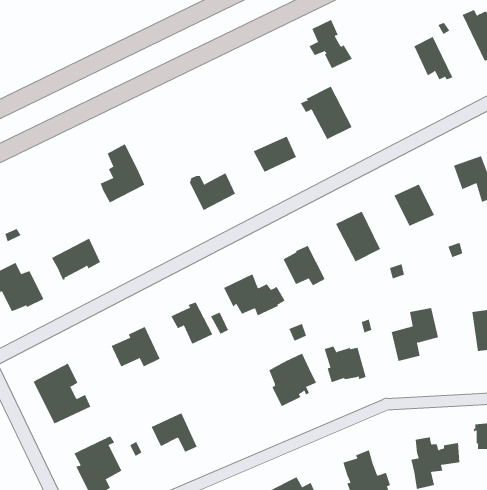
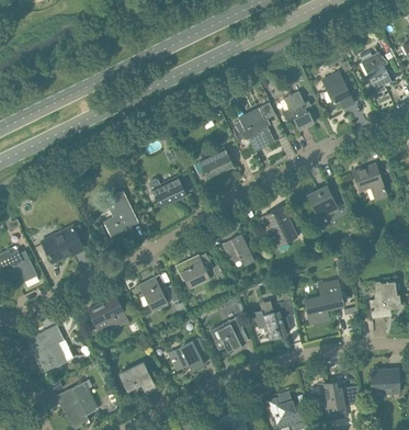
building: [309,19,353,69] -> [281,91,315,129]
building: [100,144,145,203] -> [103,190,138,236]
building: none -> [168,337,205,371]

